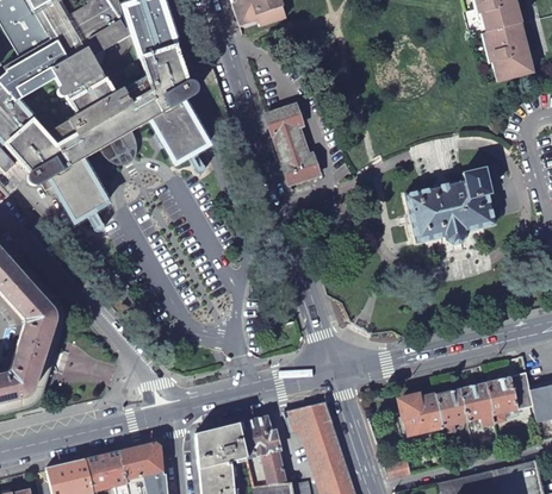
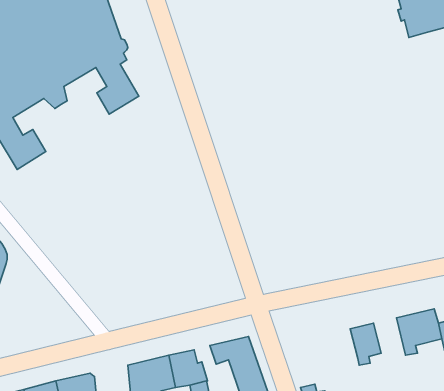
building: [266,105,316,185] -> none
building: [403,168,492,244] -> none
building: [459,382,494,426] -> none
building: [395,394,442,437] -> none

